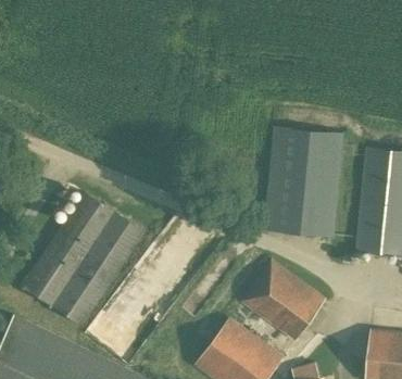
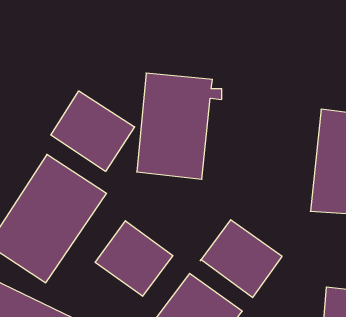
building: [265,127,353,237] -> [137,73,222,179]
building: none -> [51,91,135,171]
building: none -> [95,221,173,296]

